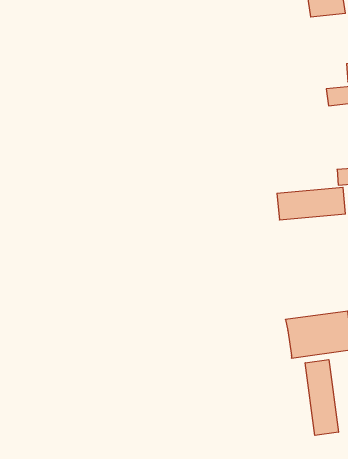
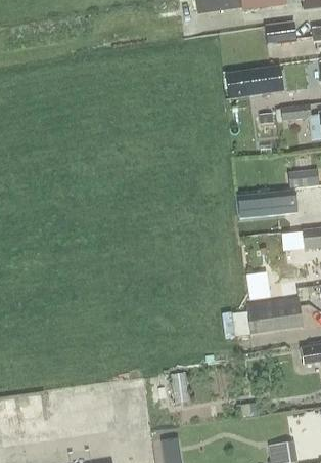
building: none -> [225,68,282,98]
building: [305,360,338,435] -> none

